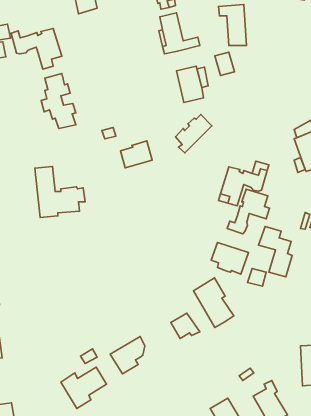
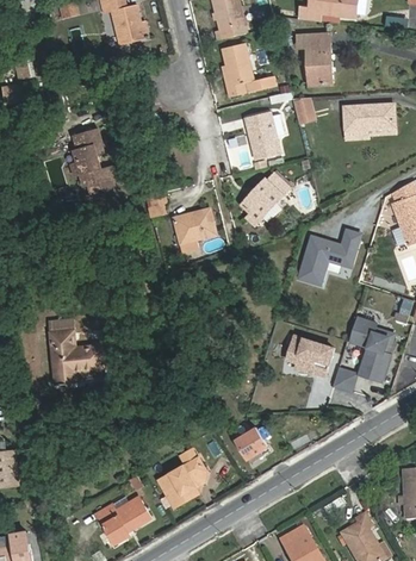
building: [11,29,62,69] -> none
building: none -> [343,104,395,138]
building: [35,166,85,218] -> [49,317,113,382]
building: [227,189,270,234] -> none
building: [193,278,234,327] -> none

